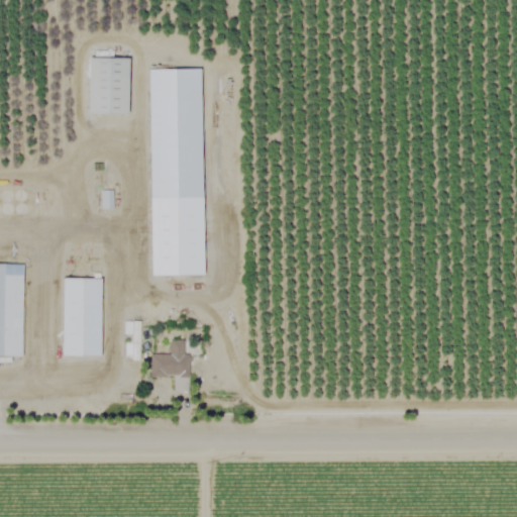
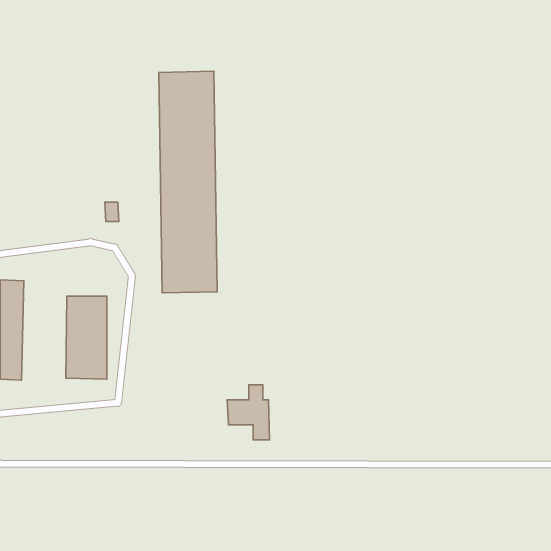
building: [89,57,129,113] -> none
building: [148,339,188,391] -> [227,385,269,440]

